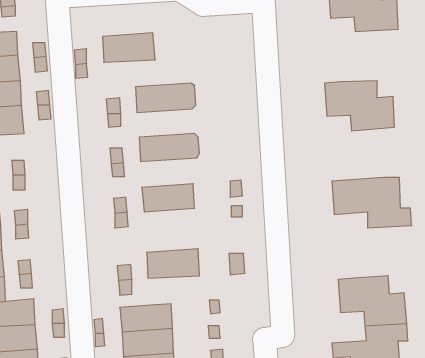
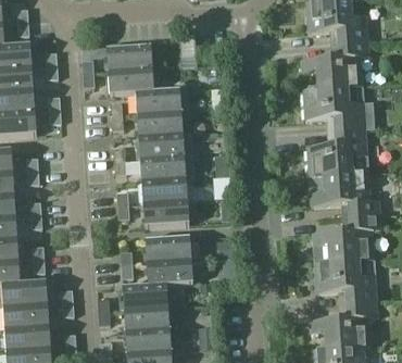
building: none -> [300,41,368,88]
building: none -> [106,68,153,95]
building: none -> [136,112,189,137]
building: none -> [306,128,366,176]
building: none -> [139,155,192,182]
building: none -> [142,200,189,226]
building: none -> [312,215,380,262]
building: none -> [146,260,193,286]

